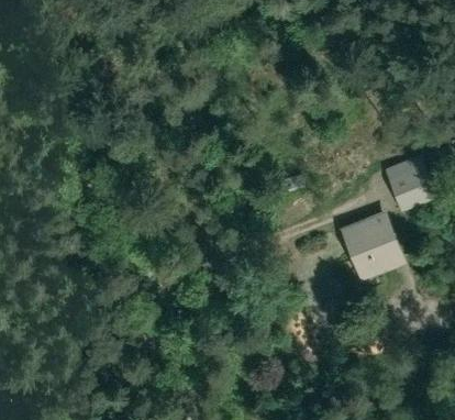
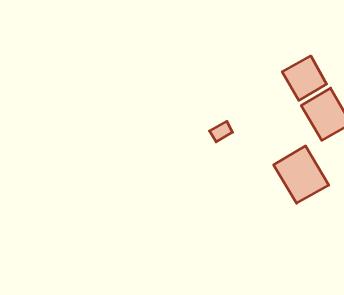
building: none -> [282,56,327,100]

